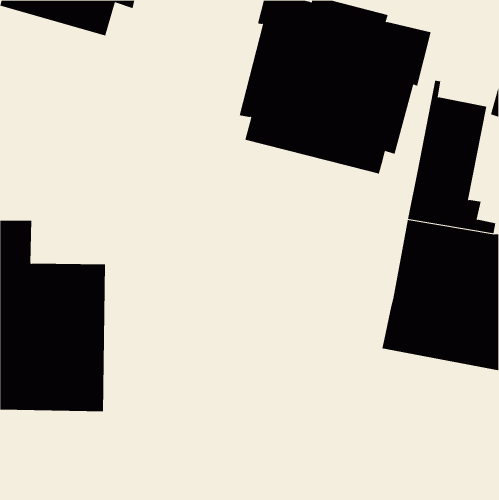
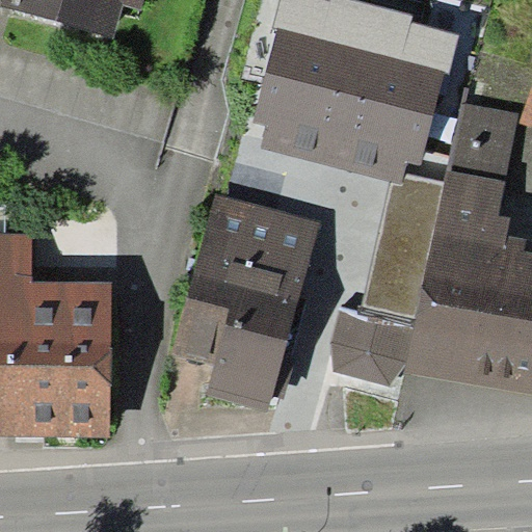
building: none -> [364,174,443,317]
building: none -> [171,192,320,410]
building: none -> [330,307,415,385]

